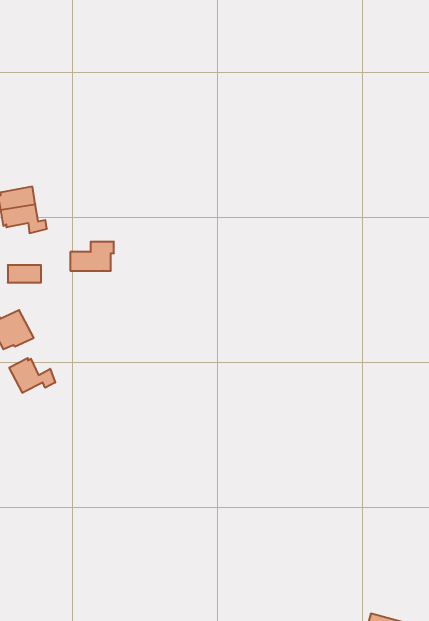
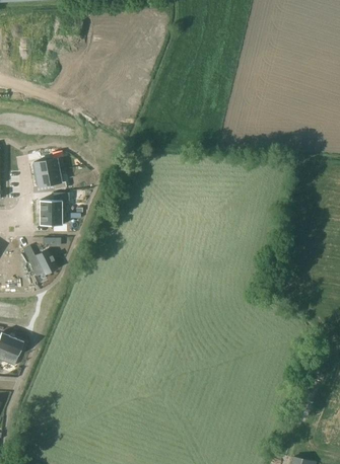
building: [70,242,114,271] -> [40,191,70,212]
building: [9,358,55,393] -> none

